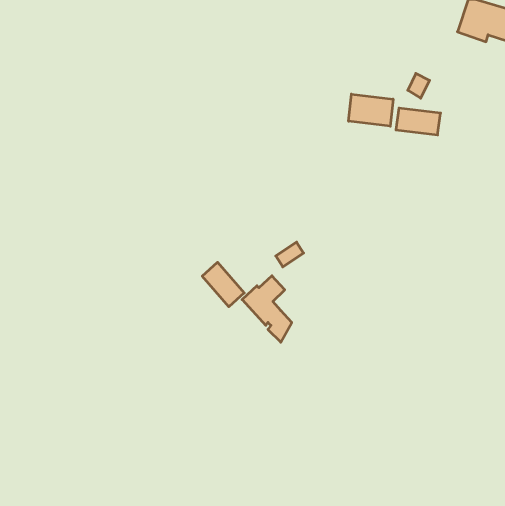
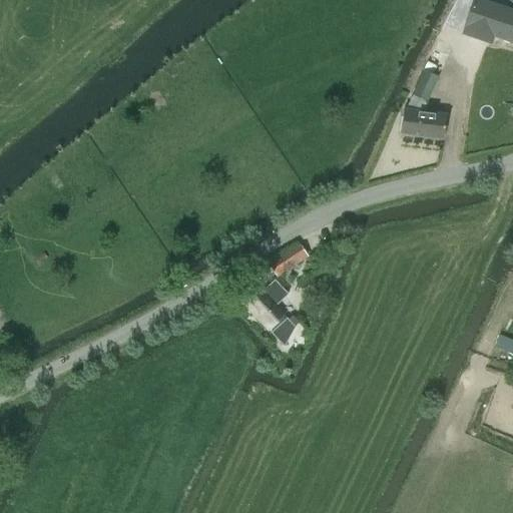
building: [349,94,393,126] -> none
building: [202,262,244,307] -> none

